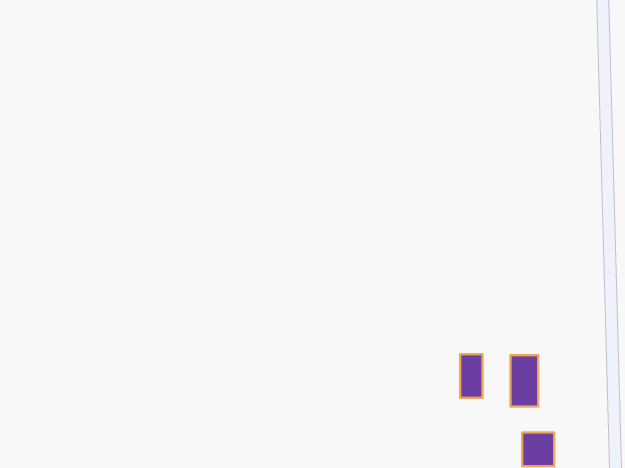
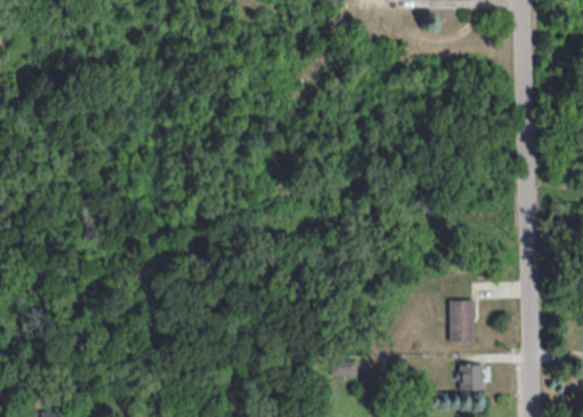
building: [460,354,483,398] -> none

